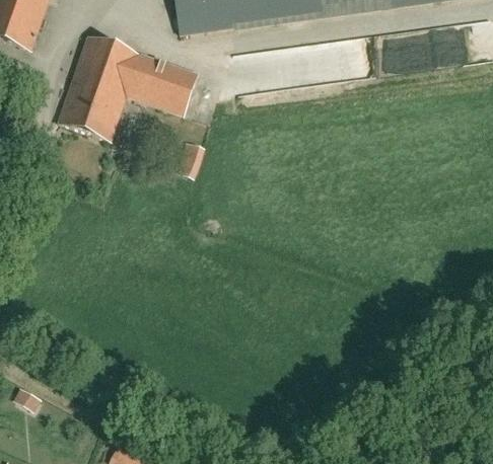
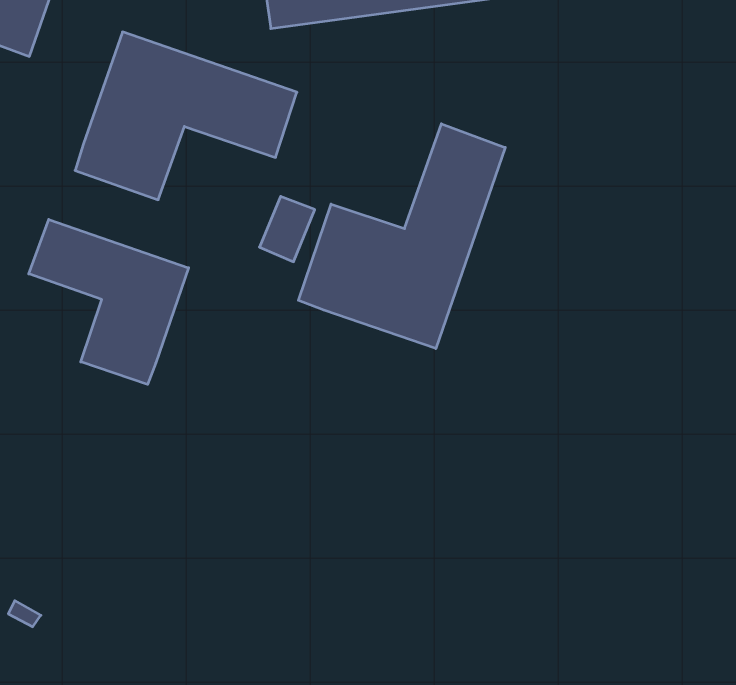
building: none -> [298,124,505,349]
building: none -> [29,219,189,384]

